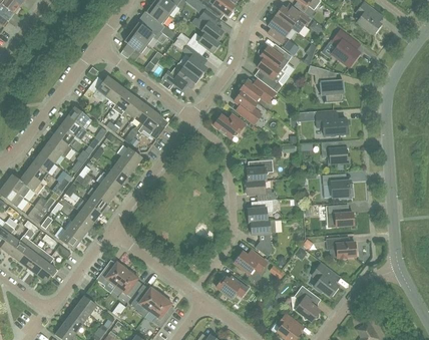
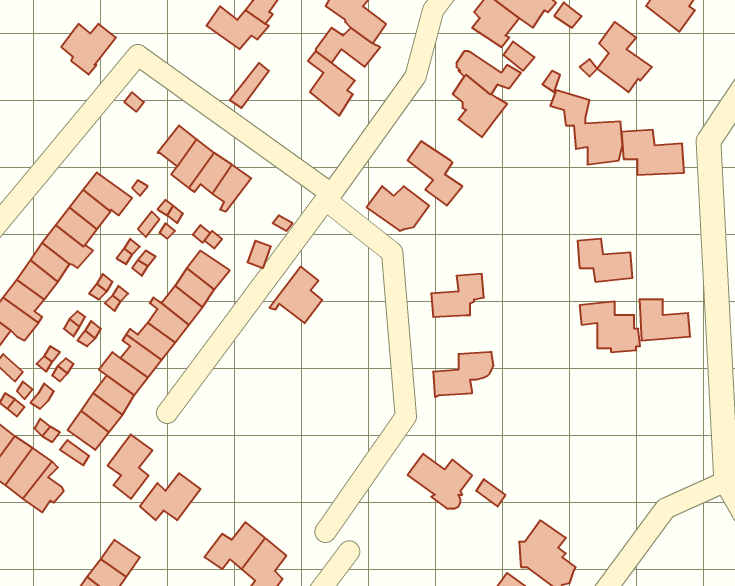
building: [120,31,147,57] -> none
building: [163,61,198,90] -> none
building: [88,75,116,101] -> [61,24,116,75]
building: [239,78,275,102] -> none
building: [137,109,164,138] -> [269,267,322,323]
building: [315,111,347,134] -> [622,130,684,175]
building: [245,180,276,200] -> none
building: [327,205,353,226] -> [639,299,690,340]
building: [250,219,274,256] -> none
building: [326,237,357,258] -> none
building: [312,263,338,296] -> none
building: [115,269,138,302] -> [108,434,152,499]
building: [216,273,249,297] -> none

